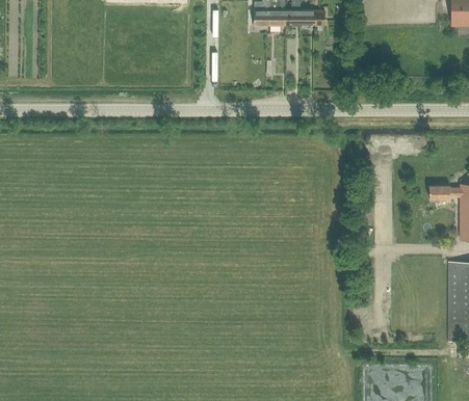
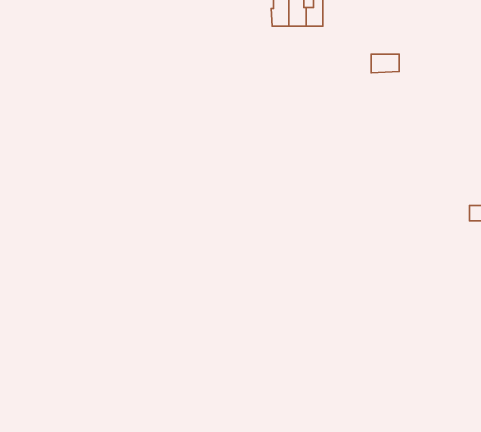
building: [301,9,325,26] -> [371,54,399,73]

